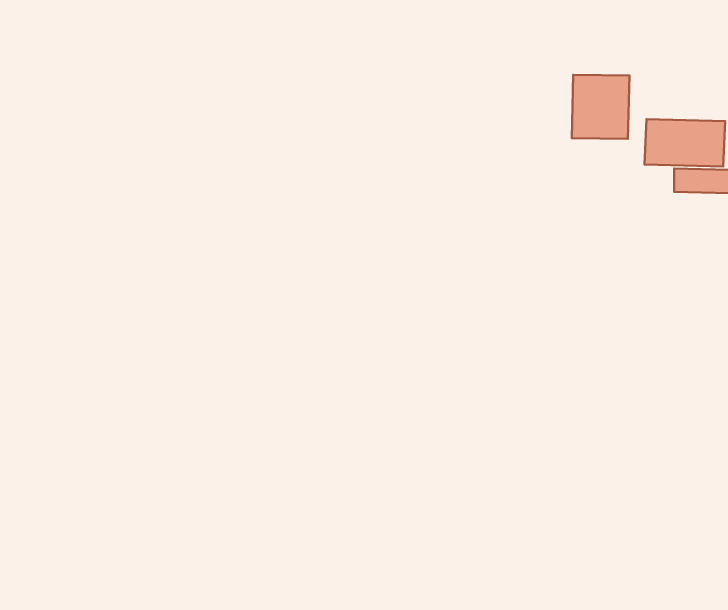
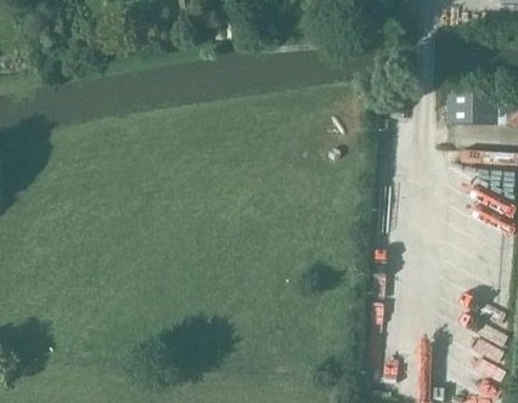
building: [572,75,629,139] -> none

